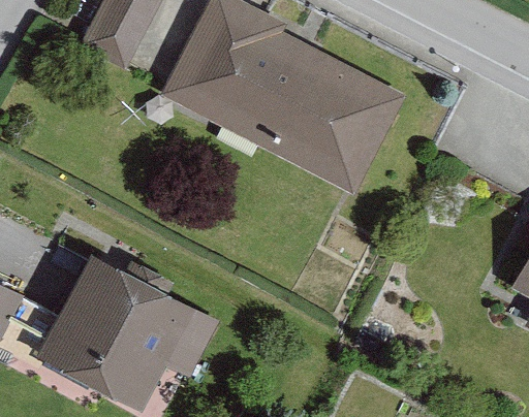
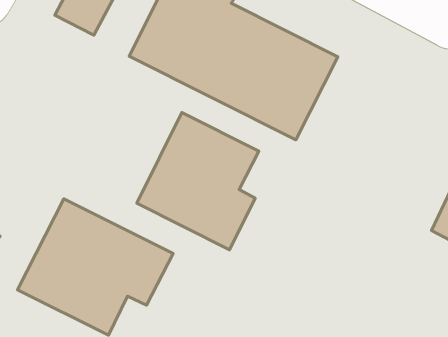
building: none -> [137,113,259,250]

